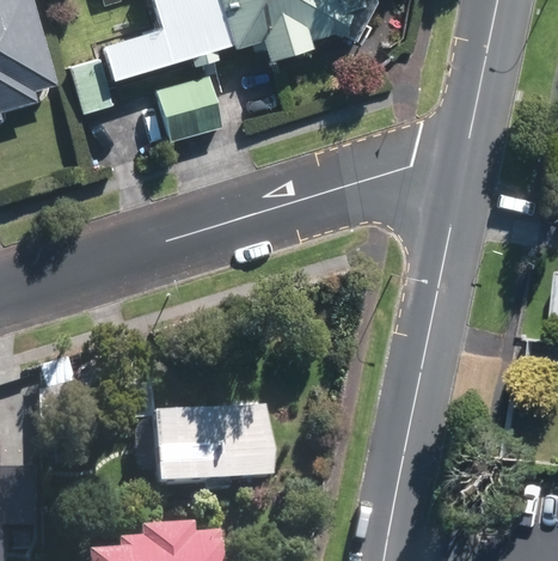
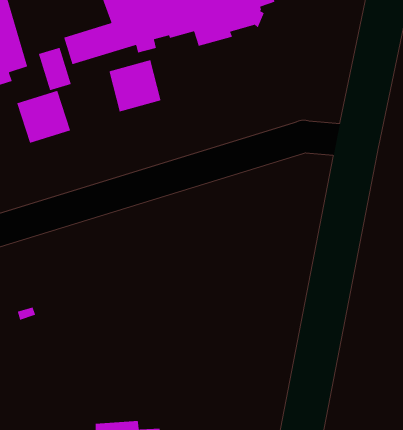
building: none -> [16,90,71,144]
building: [116,355,274,490] -> none

